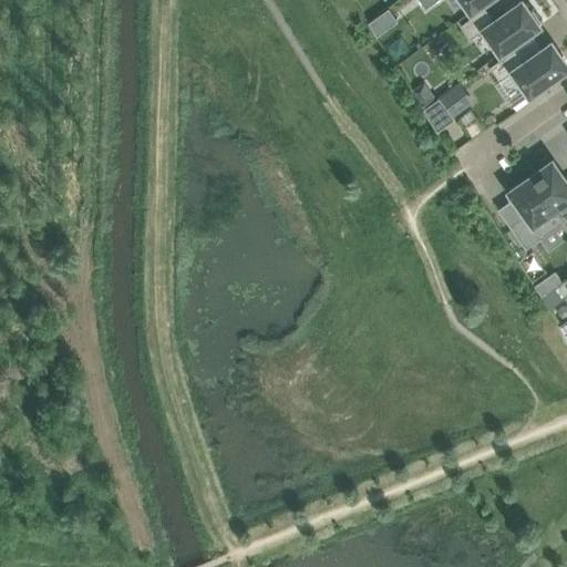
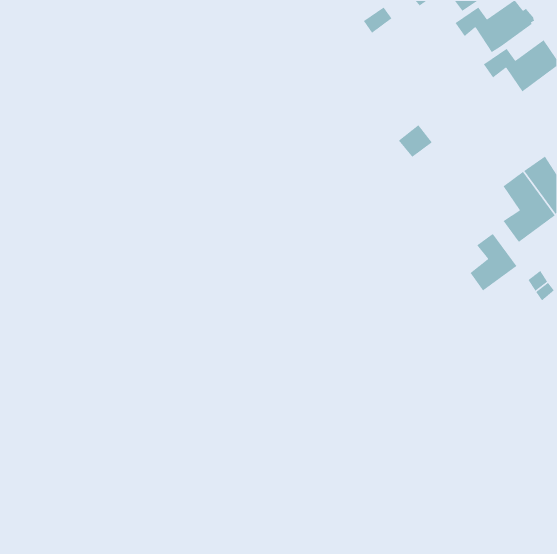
building: [425,94,461,128] -> [398,124,433,158]
building: none -> [469,233,518,292]

